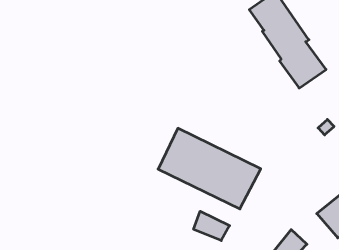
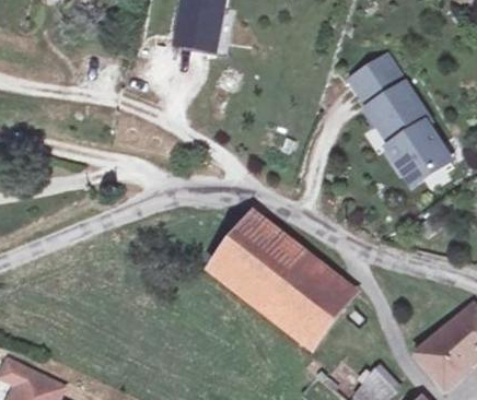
building: [194,211,230,241] -> none

